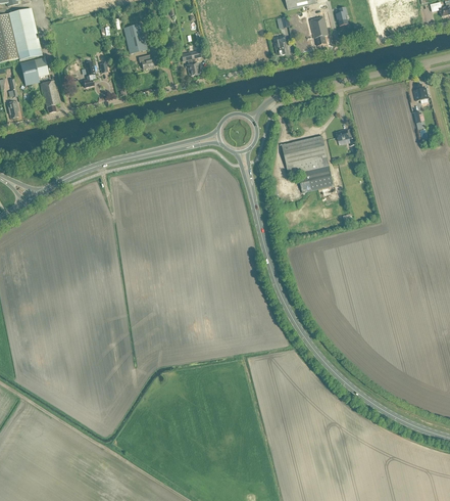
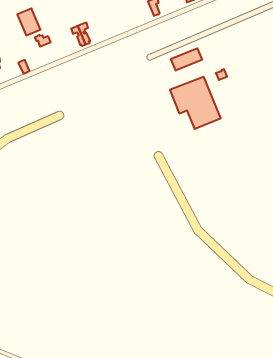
building: none -> [171,48,202,71]

